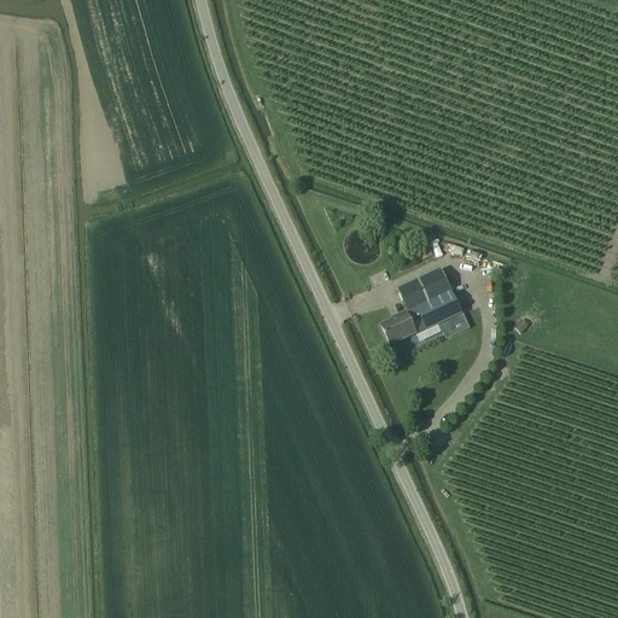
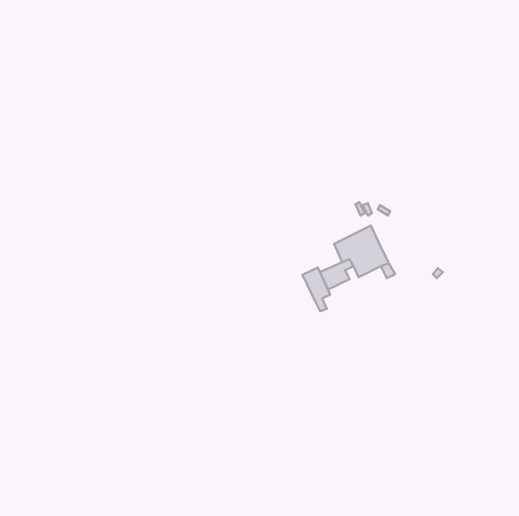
building: none -> [302,268,330,311]

